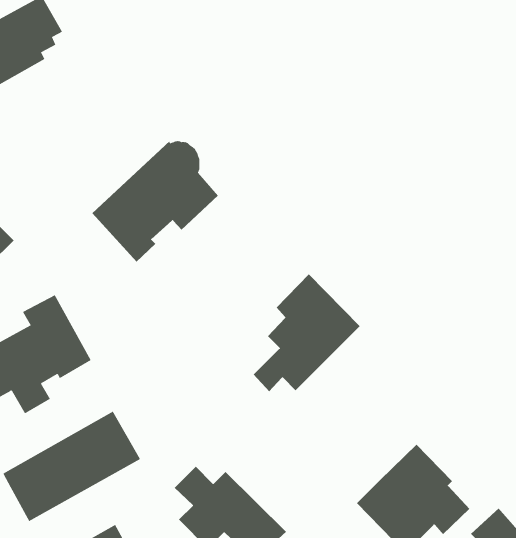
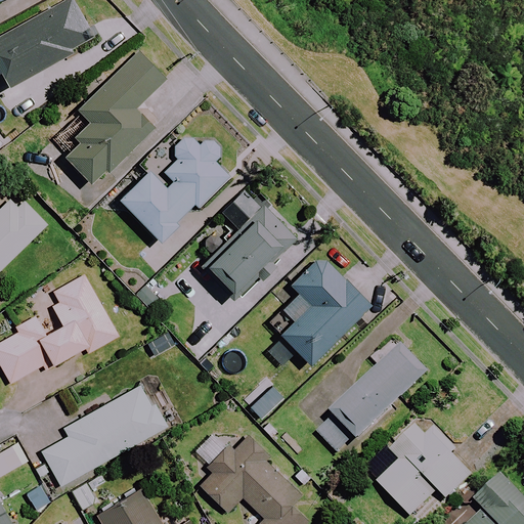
building: none -> [54,49,172,188]
building: none -> [201,187,302,307]
building: none -> [316,338,434,458]

